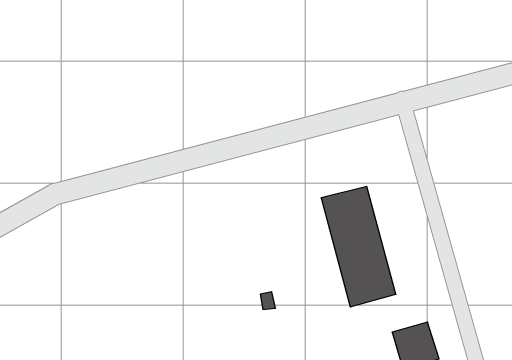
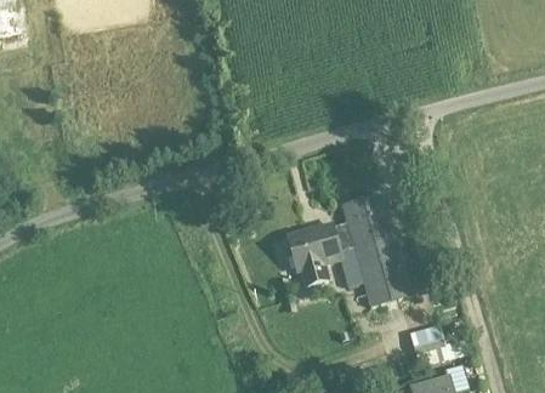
building: none -> [283,224,336,286]

